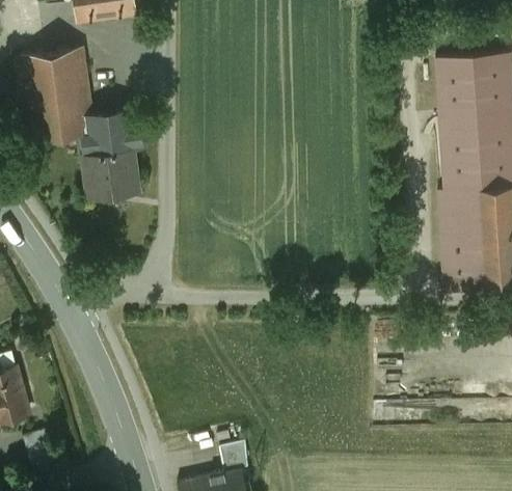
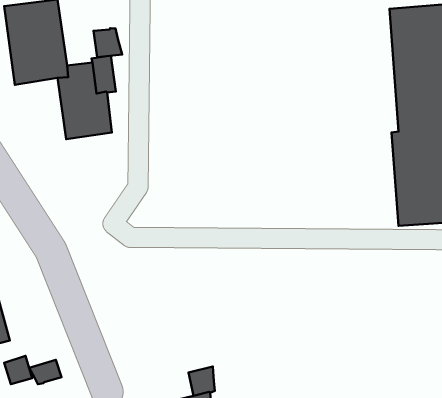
building: none -> [94,28,122,57]
building: none -> [29,360,61,384]

